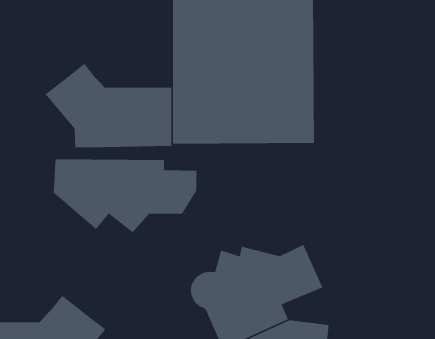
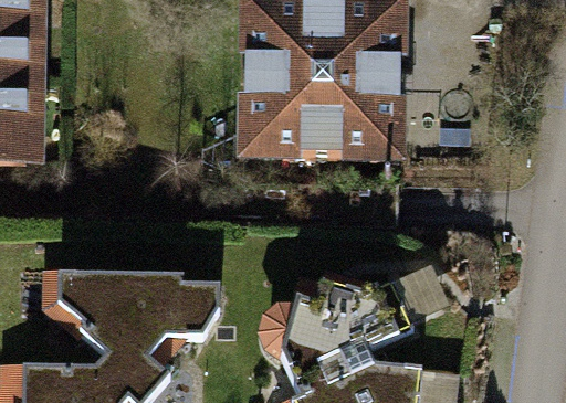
building: [44,63,172,148] -> none
building: [53,159,197,233] -> [55,271,218,354]

